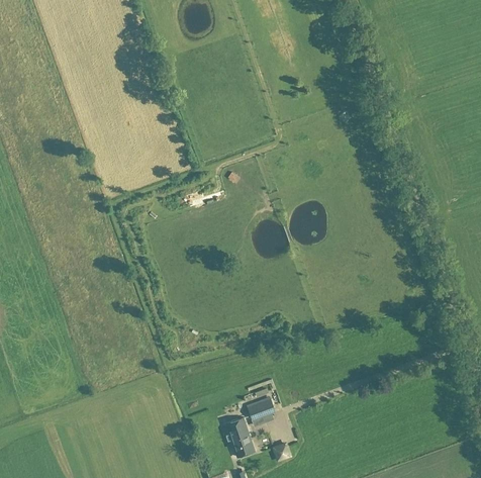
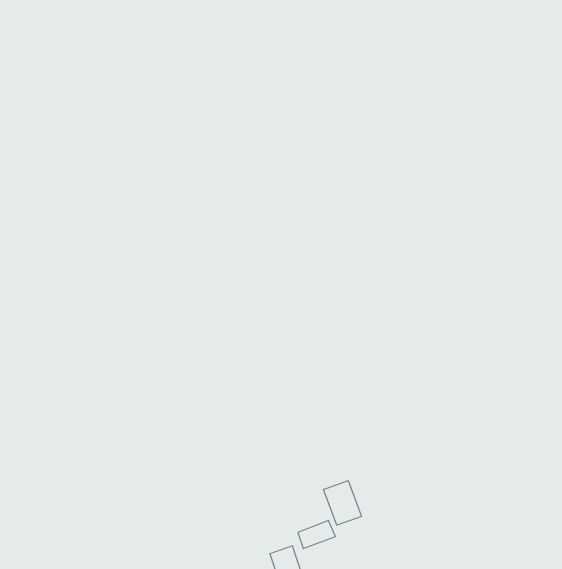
building: none -> [323,481,361,525]

